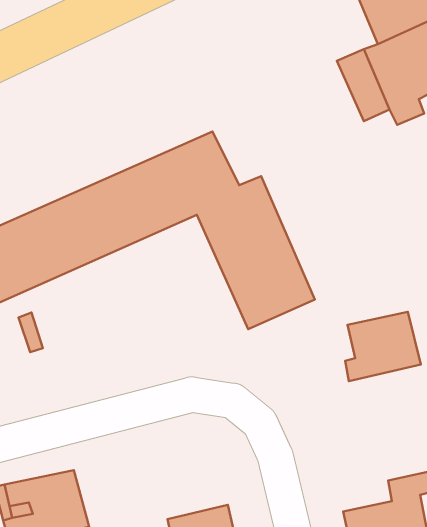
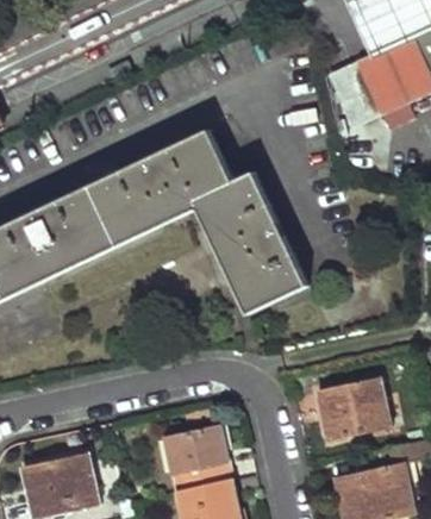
building: [345,312,421,381] -> [320,387,391,451]
building: none -> [160,421,227,492]

